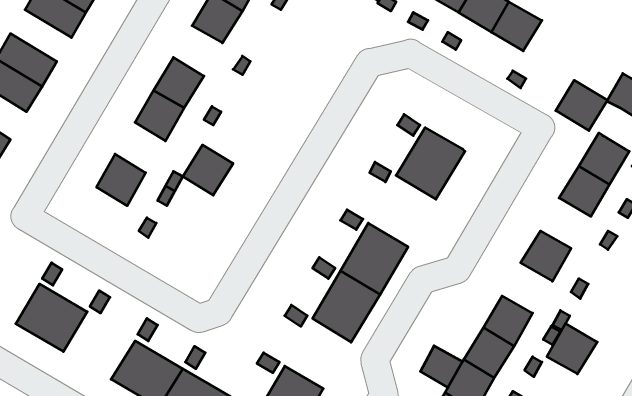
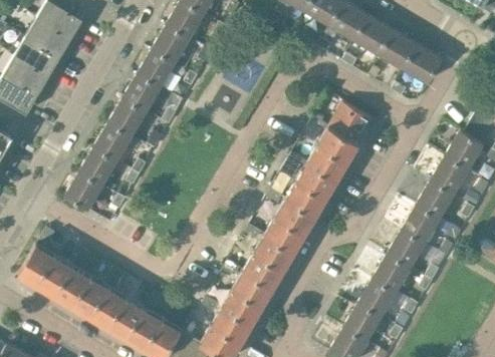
building: none -> [14,39,60,78]
building: none -> [138,51,175,89]
building: [556,80,607,131] -> [403,47,442,85]
building: none -> [328,104,370,144]
building: [183,145,233,195] -> [93,124,132,162]
building: none -> [285,164,336,219]
building: none -> [64,173,102,213]
building: none -> [416,182,454,220]
building: none -> [54,268,108,319]
building: none -> [222,273,272,326]
building: [547,324,597,374] -> [387,231,425,269]
building: [420,346,463,388] -> none

